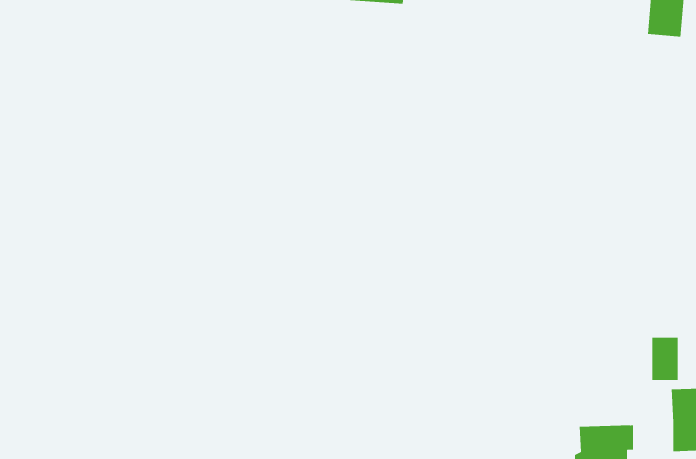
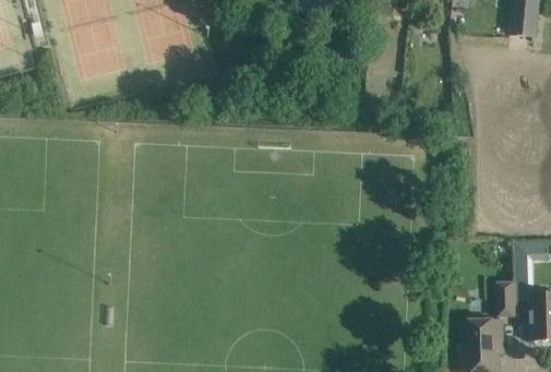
building: none -> [493,281,515,312]

